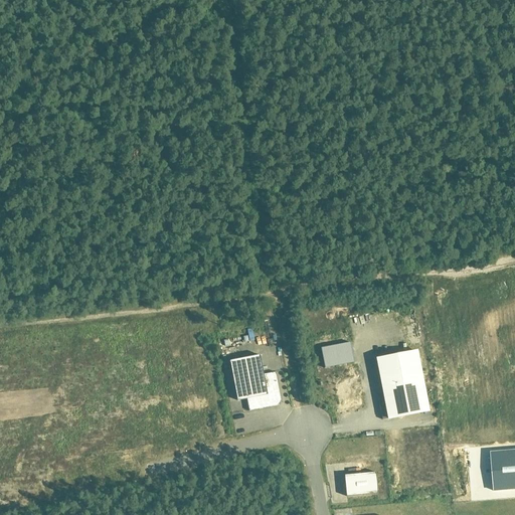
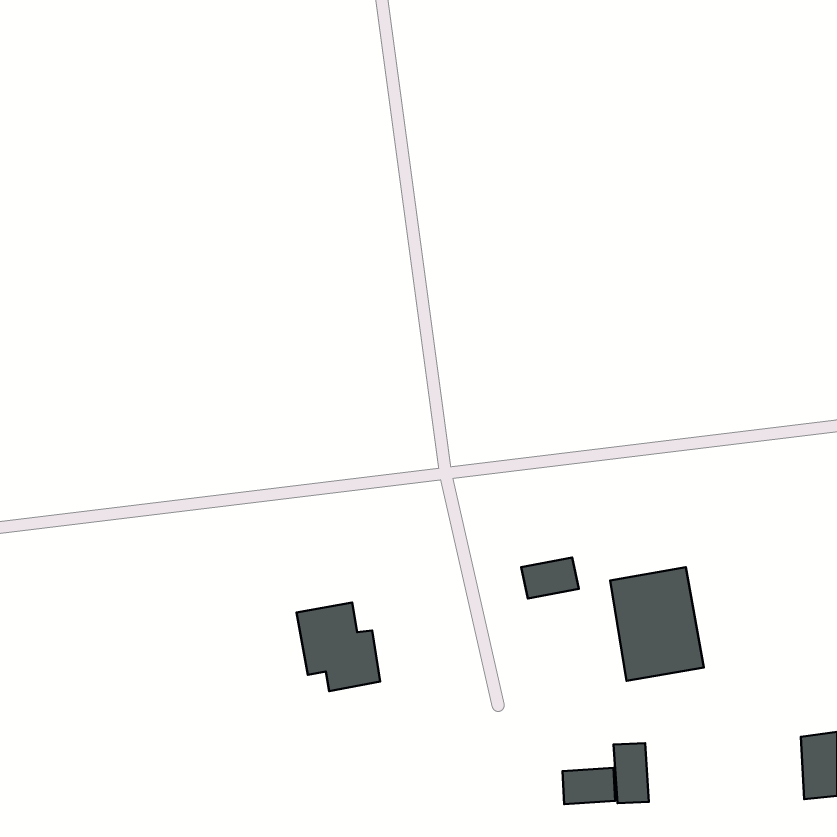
building: [230,354,282,408] -> [296,603,380,691]
building: none -> [614,743,649,803]

